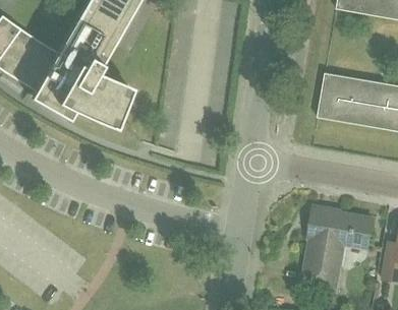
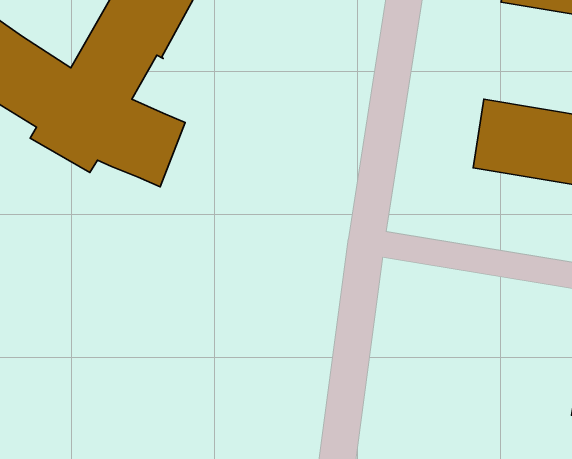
building: [301,205,374,292] -> none

